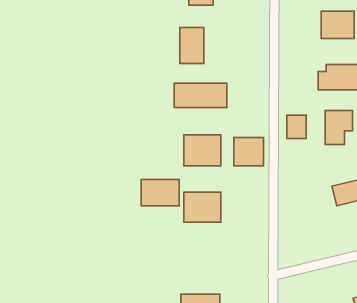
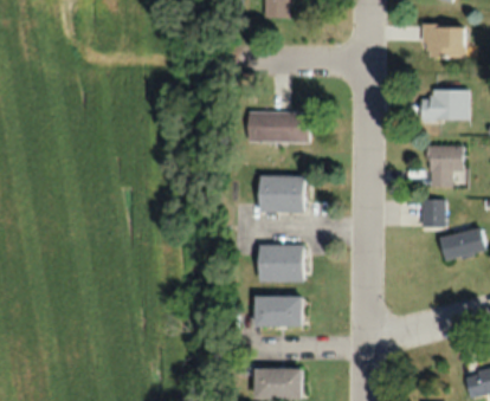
building: [180,27,204,64] -> none
building: [287,115,306,139] -> [423,198,446,226]
building: [234,138,264,166] -> none
building: [141,180,179,206] -> [254,295,301,326]

